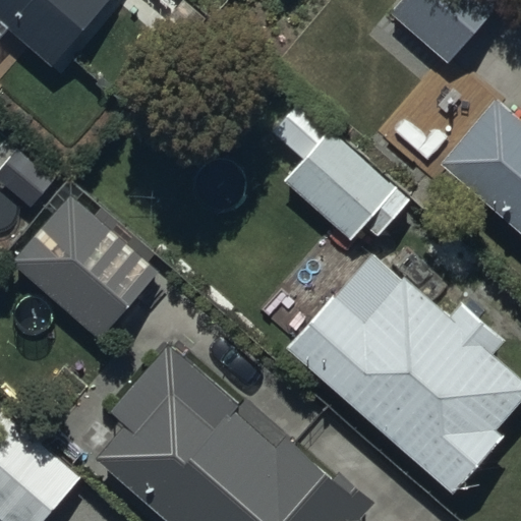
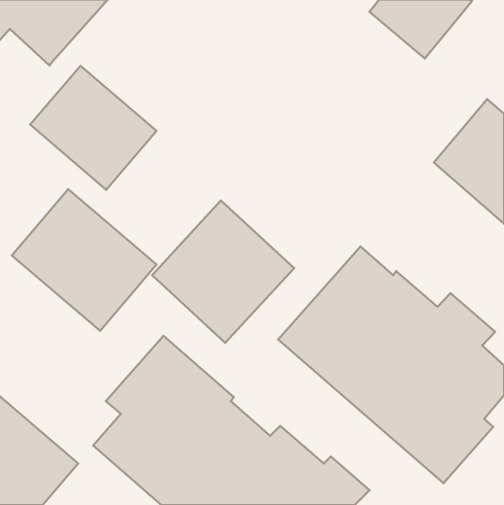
building: none -> [30,66,157,190]
building: [286,130,411,242] -> none
building: none -> [152,201,294,343]

